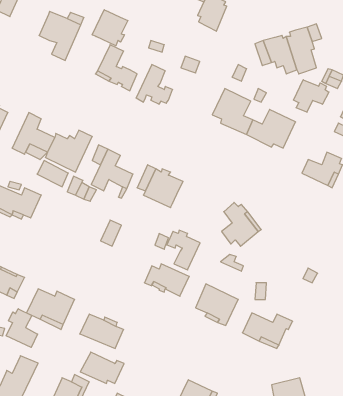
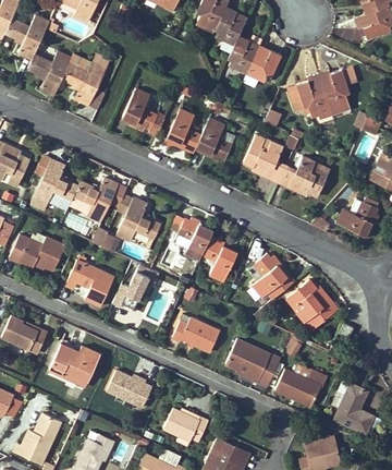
building: none -> [244,47,281,86]
building: none -> [27,50,72,95]
building: [92,10,128,46] -> none
building: none -> [197,118,235,160]
building: [293,80,329,112] -> none
building: none -> [64,261,113,305]
building: none -> [286,279,338,329]
building: [167,230,200,270] -> [201,239,236,280]
building: [6,309,38,347] -> none
building: none -> [334,384,372,433]
building: [80,352,124,383] -> [162,408,208,441]

